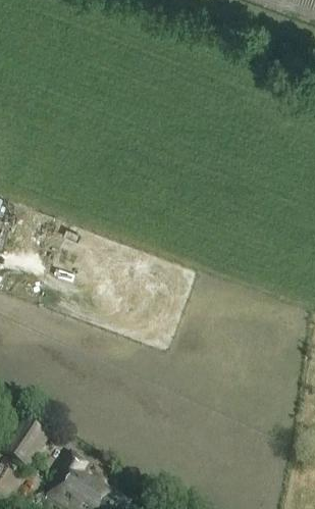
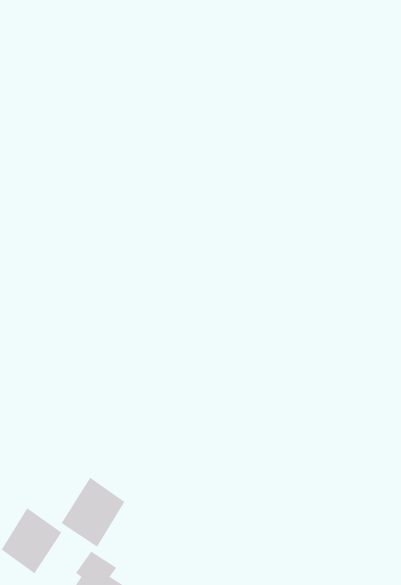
building: none -> [61,477,125,547]

